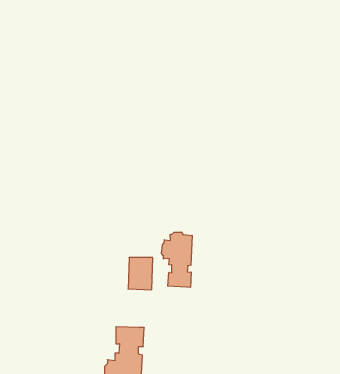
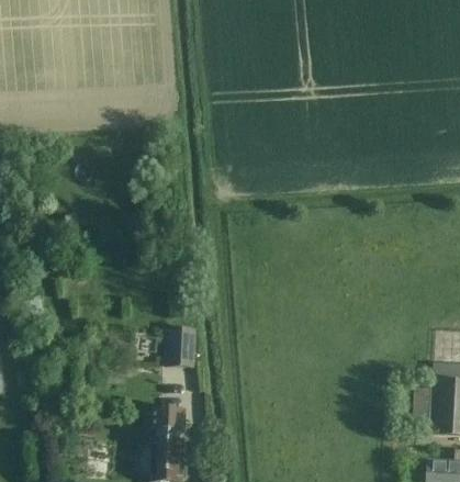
building: [162,232,192,287] -> none

